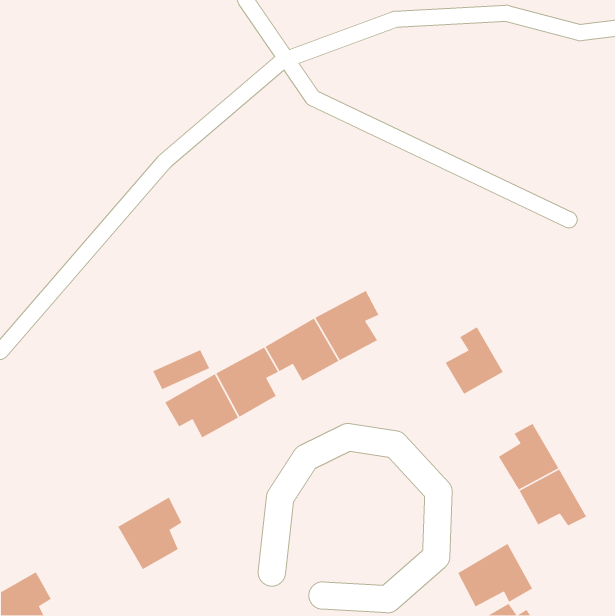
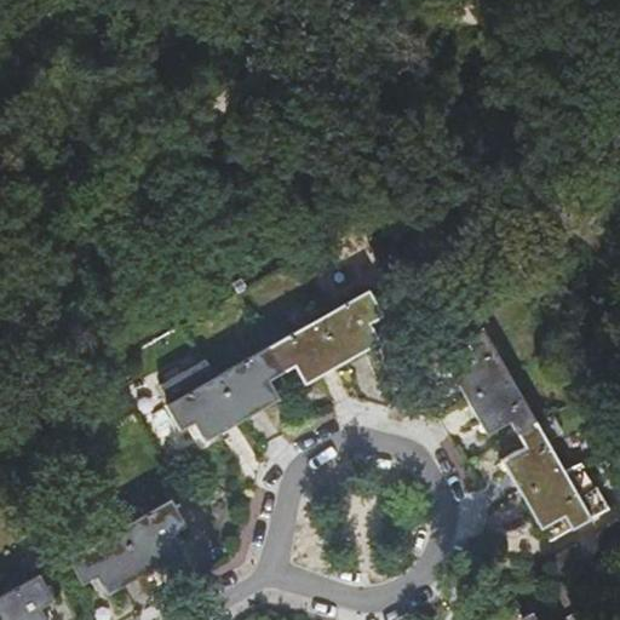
building: none -> [467,373,536,435]
building: none -> [71,528,145,591]
building: [457,543,533,608] -> none

